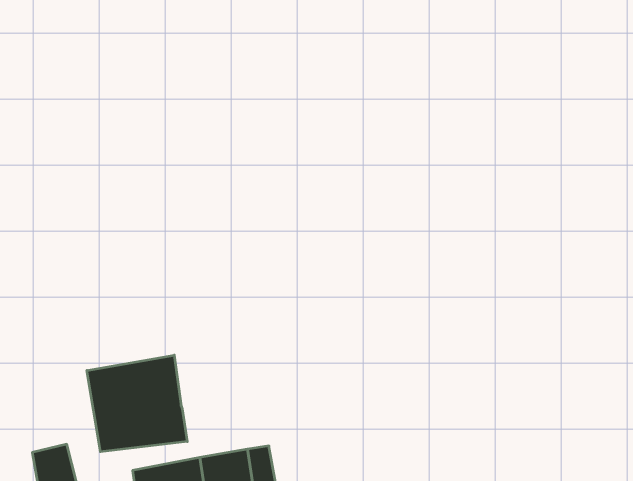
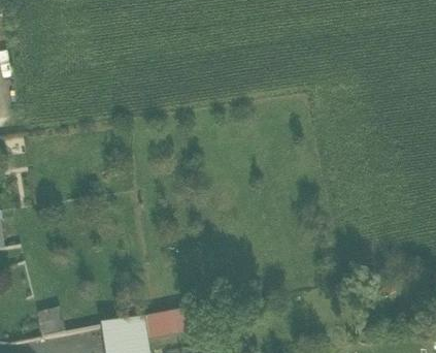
building: [87,355,187,452] -> none

